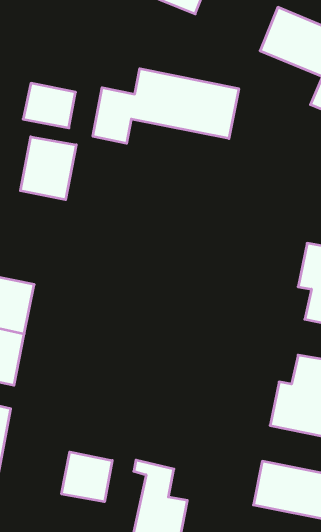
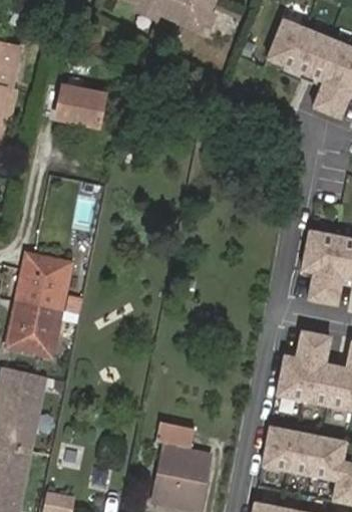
building: [93,69,239,143] -> none
building: [20,137,76,200] -> none
building: [62,452,112,502] -> none

